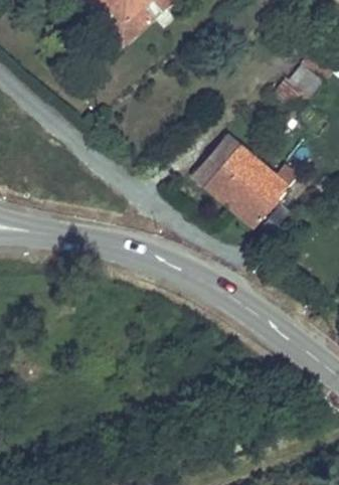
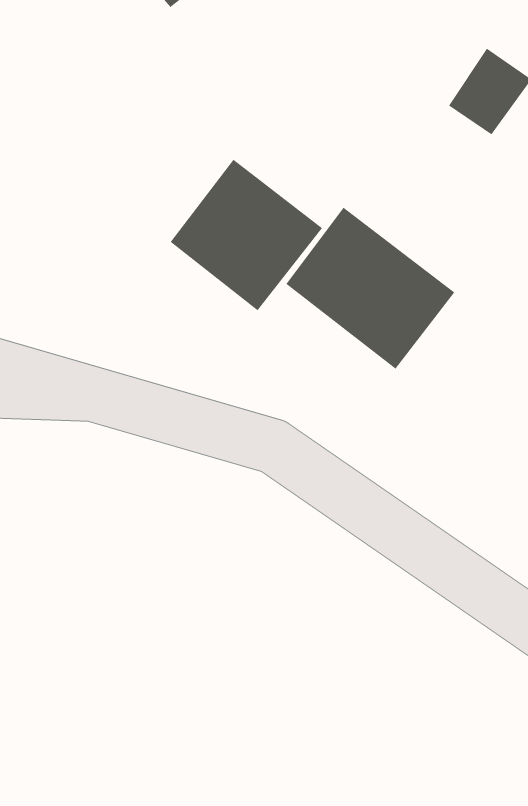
building: none -> [170,159,323,311]

